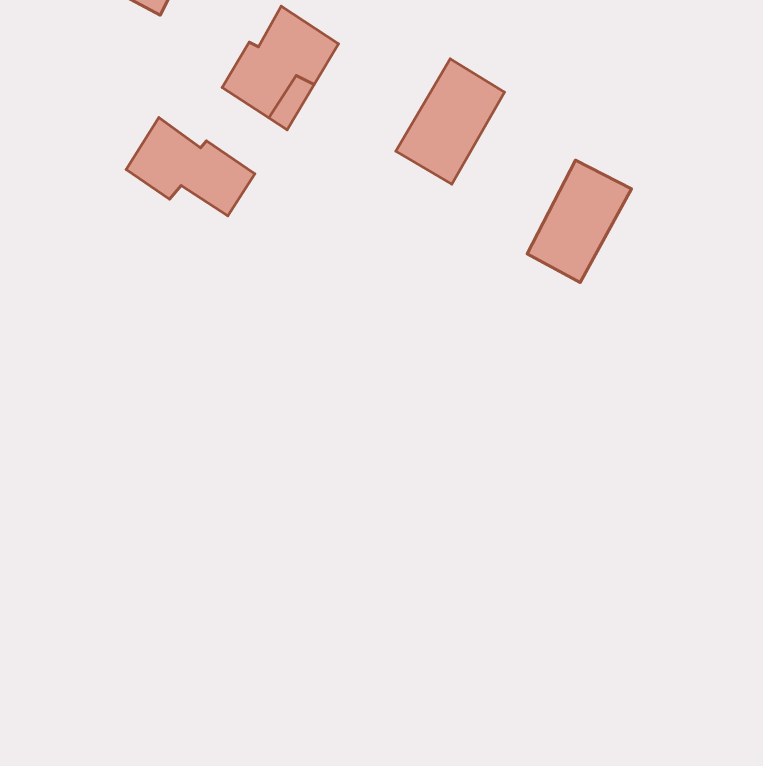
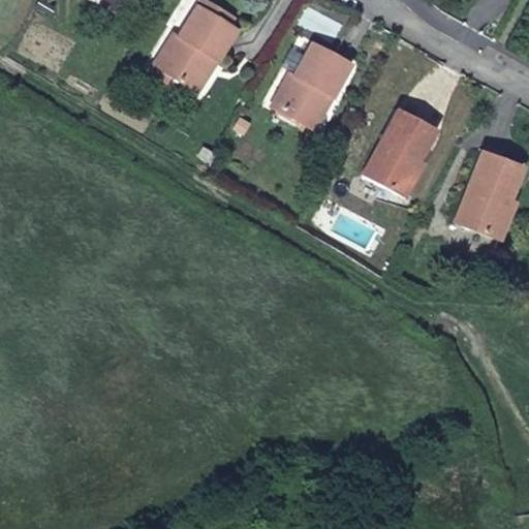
building: [126,118,255,216] -> none
building: none -> [454,150,524,236]

